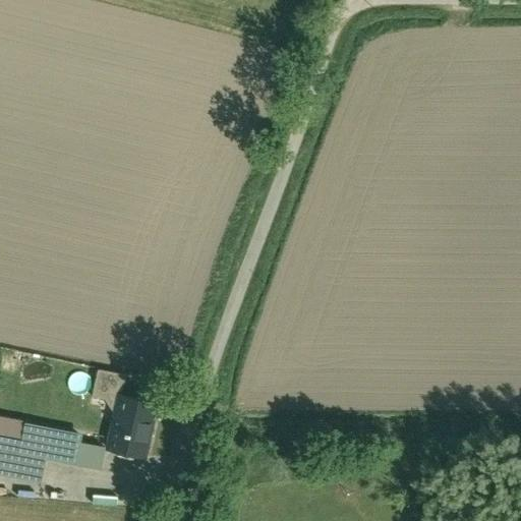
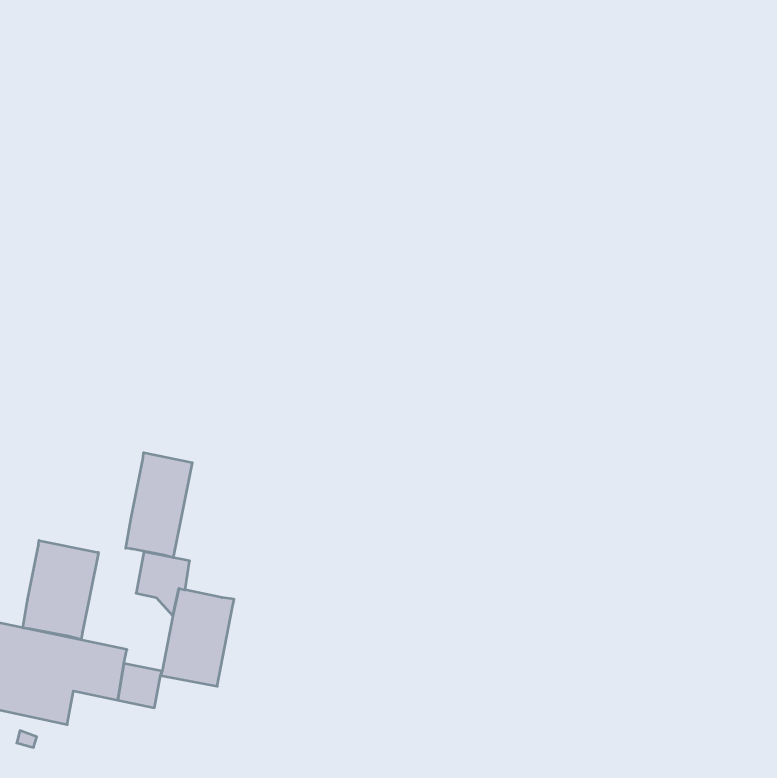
building: none -> [126,453,192,558]
building: none -> [23,540,98,639]

